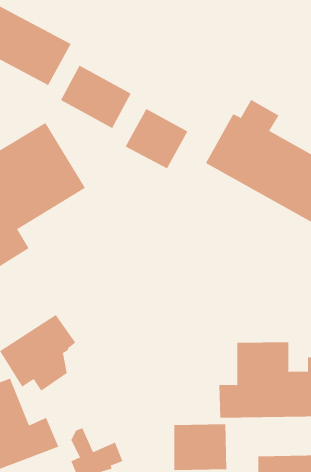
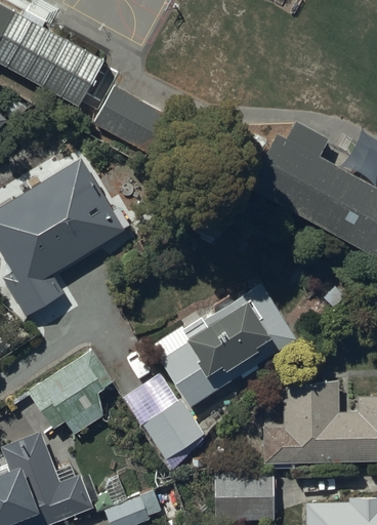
building: [125,108,188,169] -> none
building: none -> [157,288,297,407]
building: none -> [122,374,204,463]

